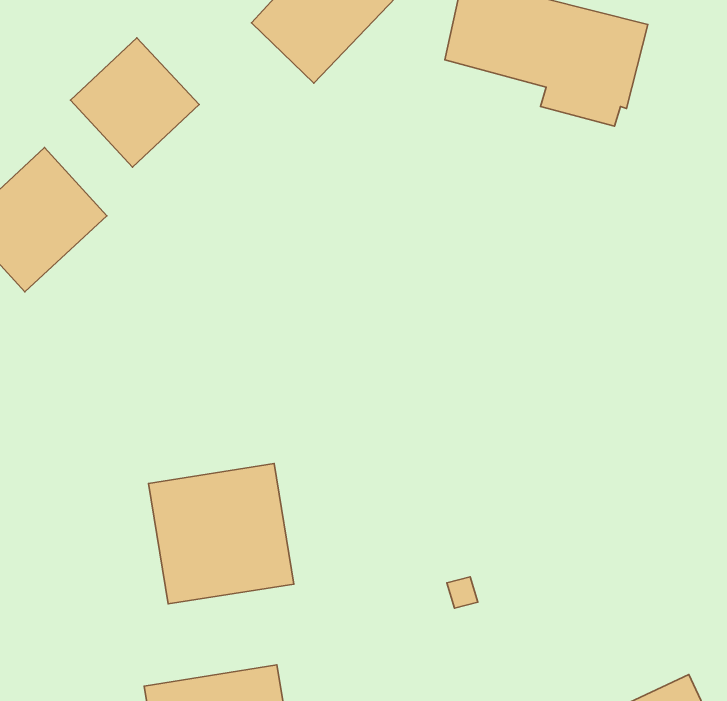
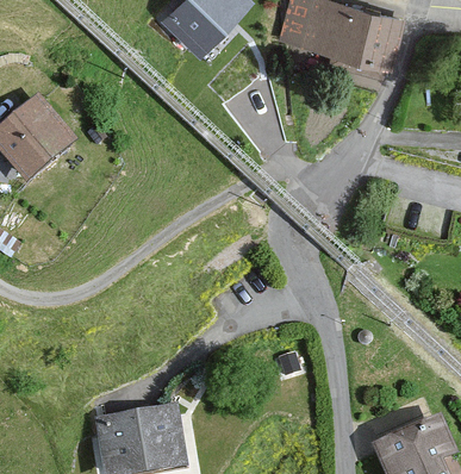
building: [71,38,199,167] -> none
building: [149,464,294,604] -> none

